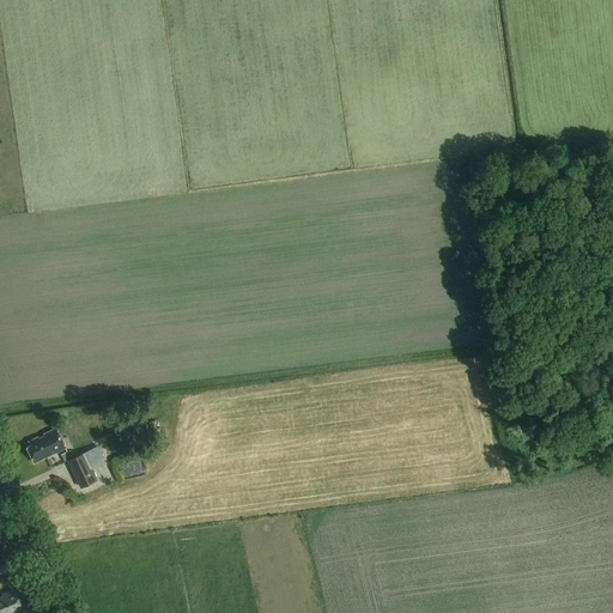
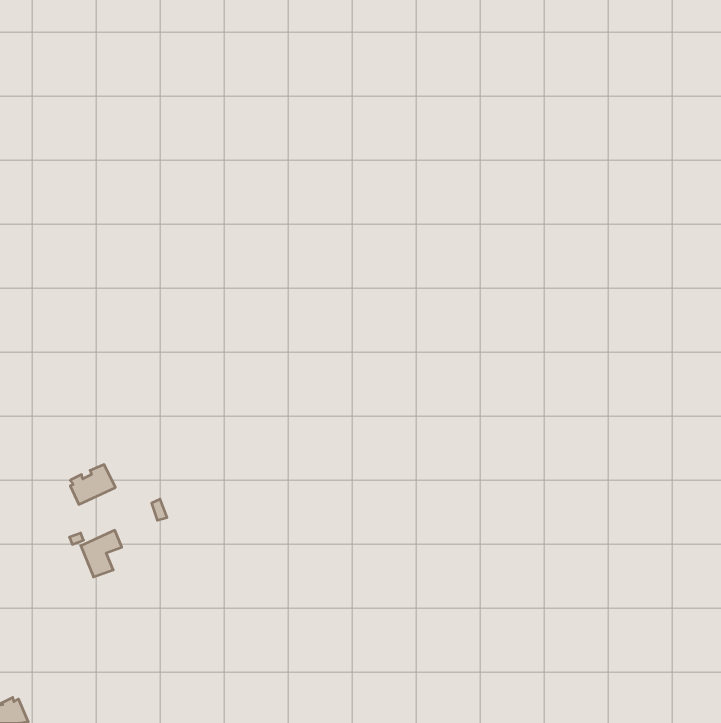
building: [25,427,63,461] -> [70,465,115,504]

